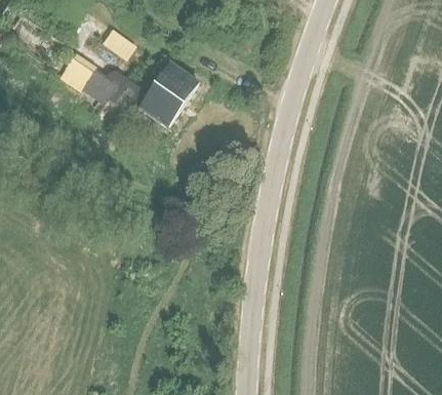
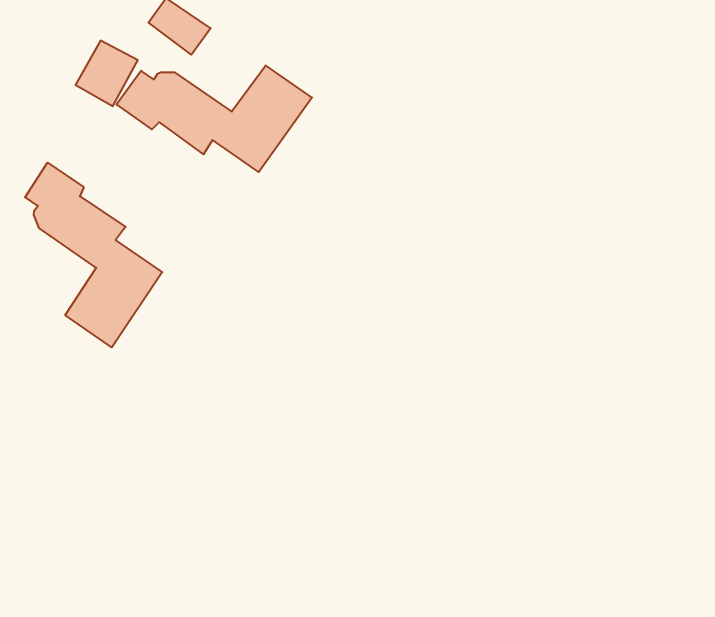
building: none -> [25,163,162,347]

